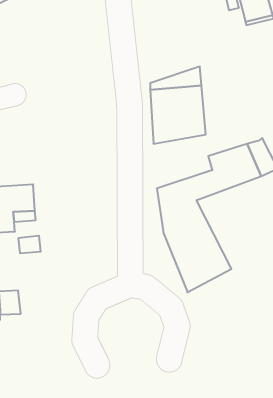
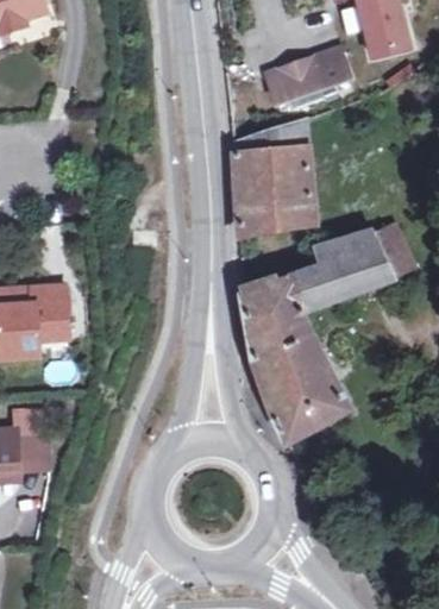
building: none -> [265,46,350,107]

